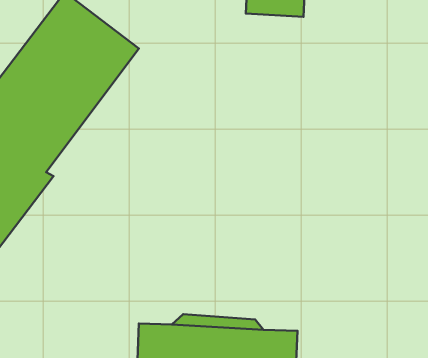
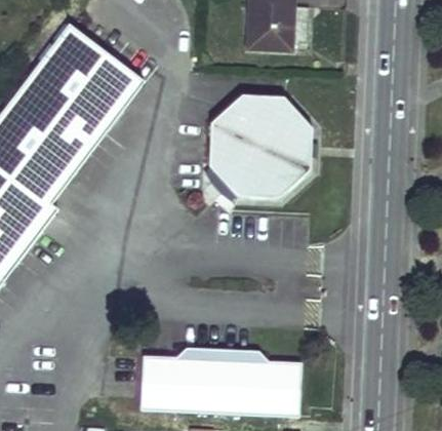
building: none -> [208,92,310,196]

